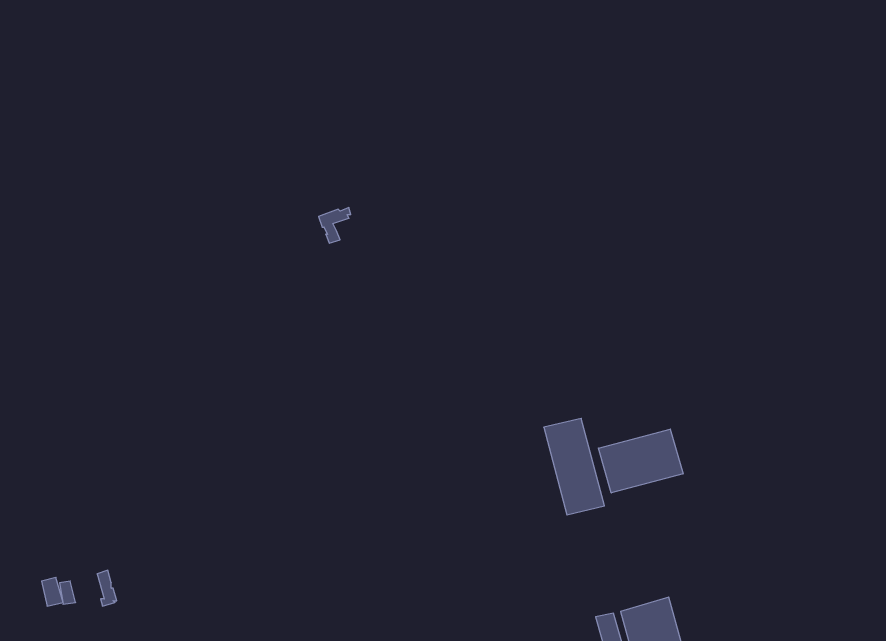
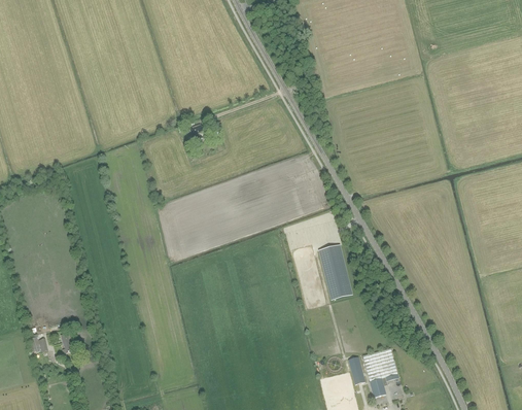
building: [598,429,683,493] -> none

